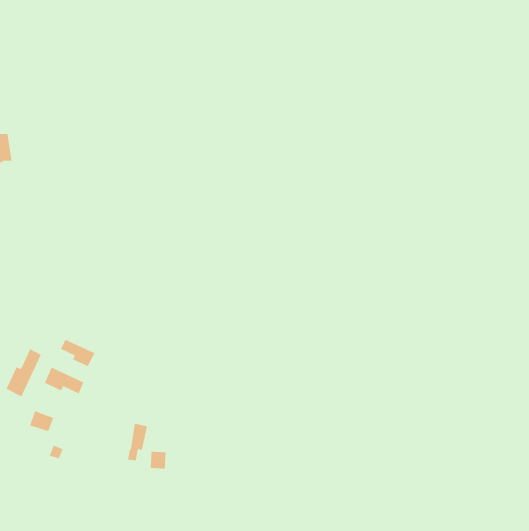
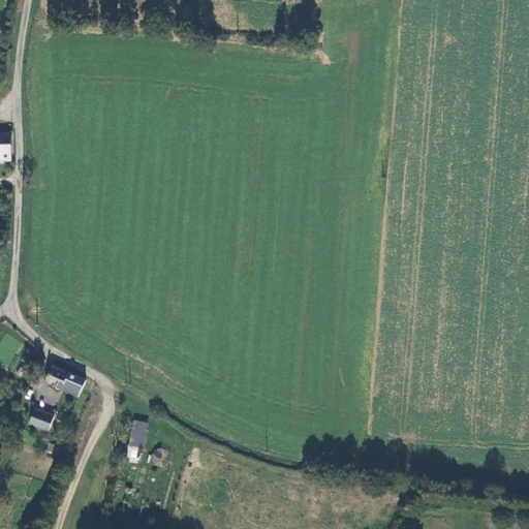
building: [60,339,95,367] -> none
building: [5,348,42,398] -> none

